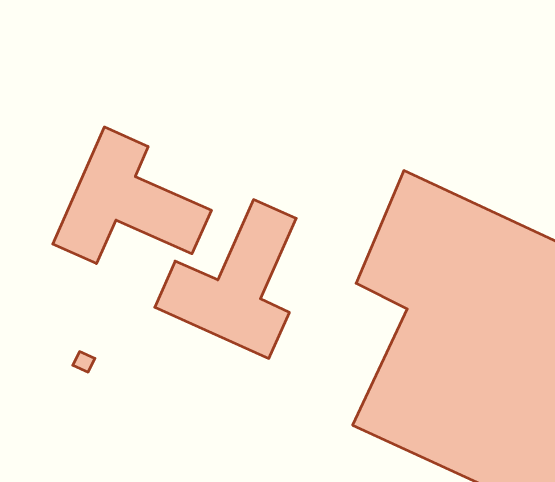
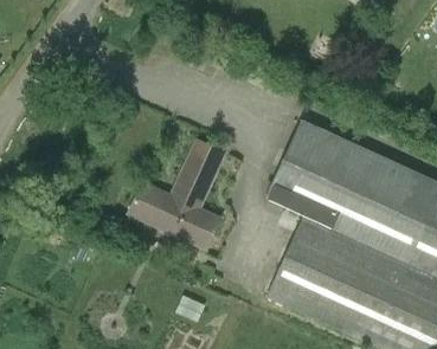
building: [53,127,211,264] -> none

